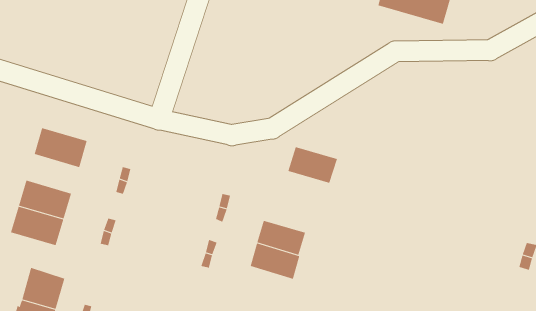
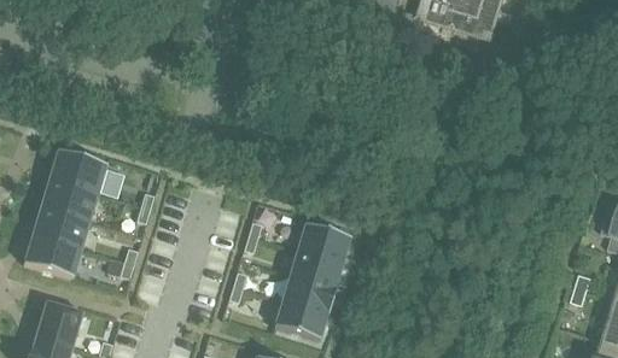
building: [287,147,338,183] -> [297,222,351,262]
building: none -> [41,177,99,219]
building: none -> [274,298,330,338]

